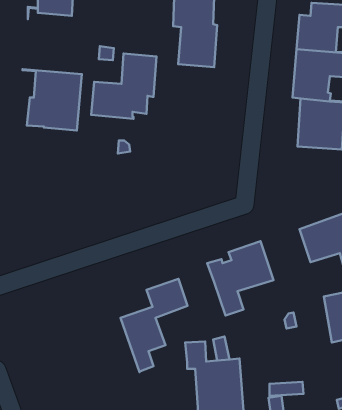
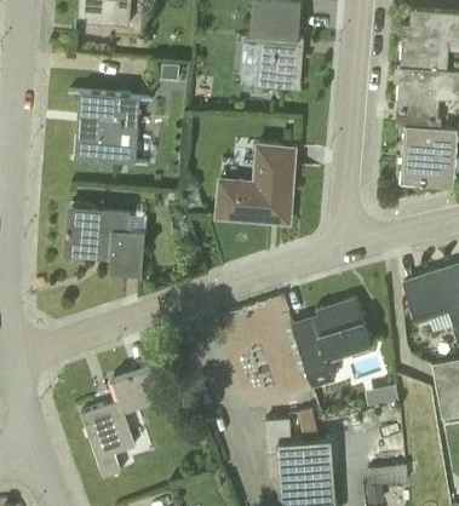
building: [91,54,157,119] -> [217,143,296,222]
building: none -> [67,208,145,275]
building: [120,279,188,372] -> [81,366,162,478]

